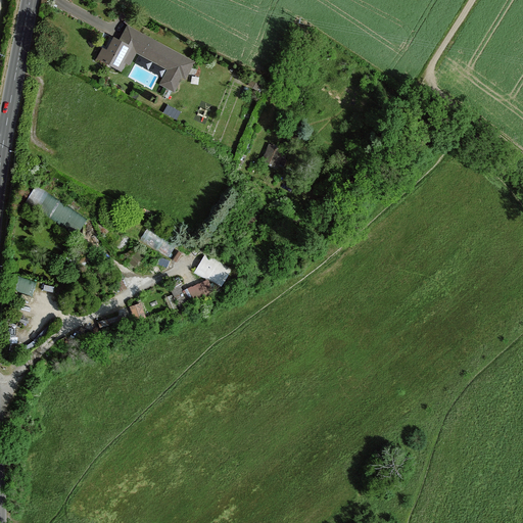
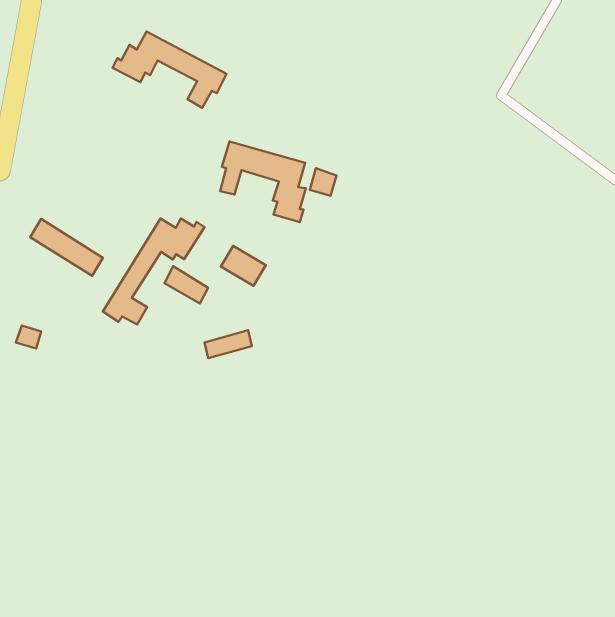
building: none -> [220,141,306,222]
building: none -> [103,219,204,325]
building: [193,253,231,287] -> [221,246,266,286]

